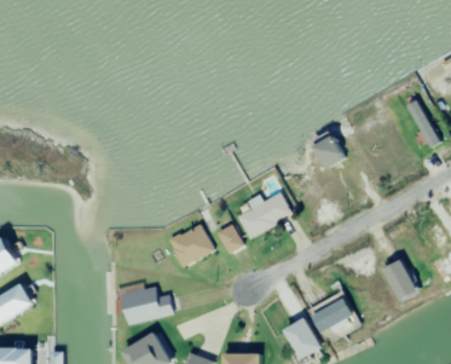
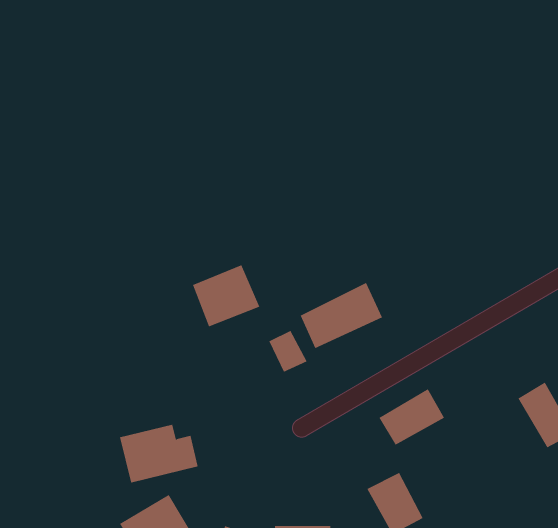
building: [312,134,345,168] -> none
building: [170,224,215,265] -> [192,264,260,327]
building: [311,295,354,333] -> [378,388,445,446]

